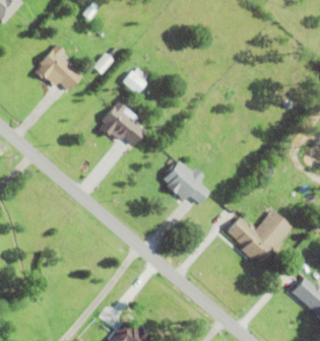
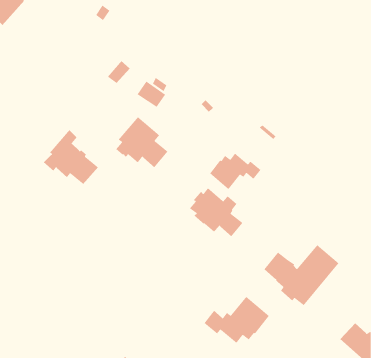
building: [35,44,82,91] -> [43,129,99,185]
building: none -> [209,153,262,190]
building: none -> [204,296,270,344]

